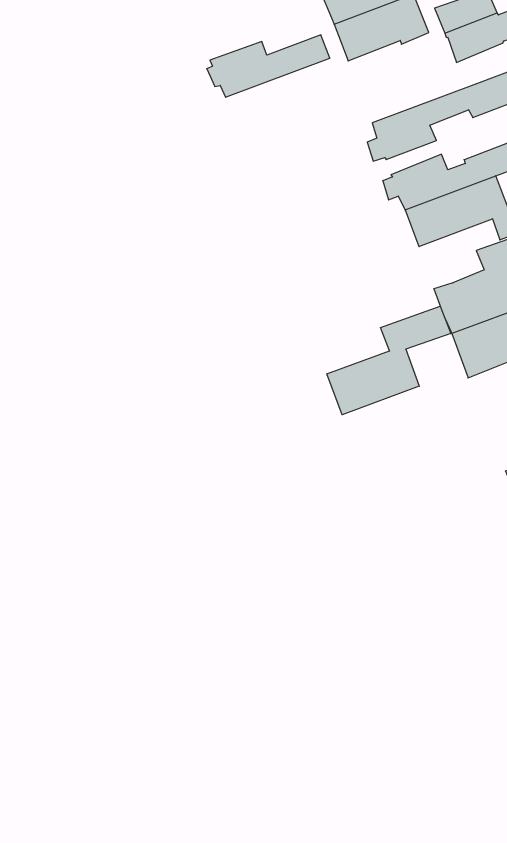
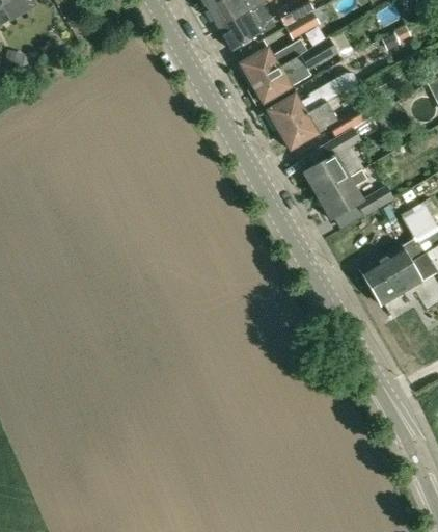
building: [207,35,330,97] -> [238,38,307,83]
building: [327,306,451,415] -> none

